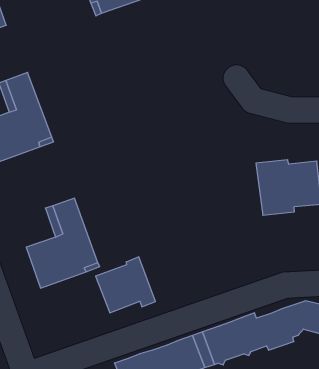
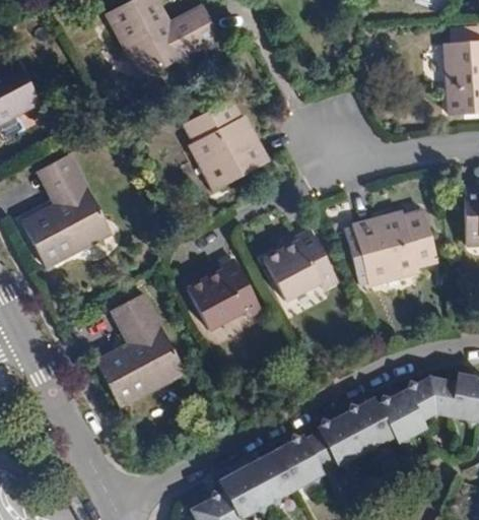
building: none -> [185,101,267,187]
building: none -> [263,231,337,300]
building: [96,257,155,313] -> [187,259,261,329]

